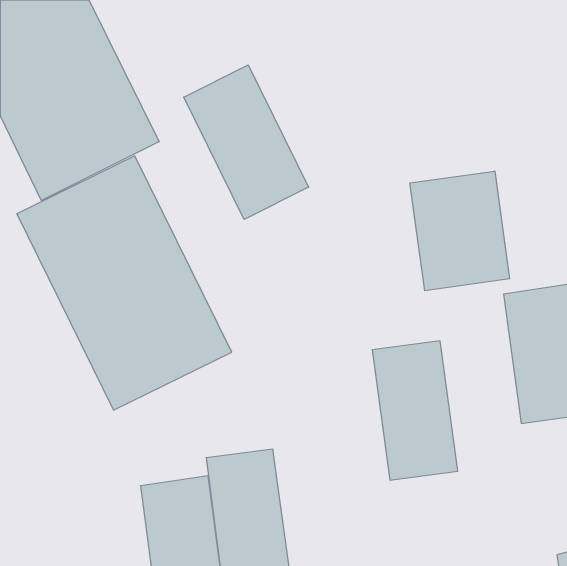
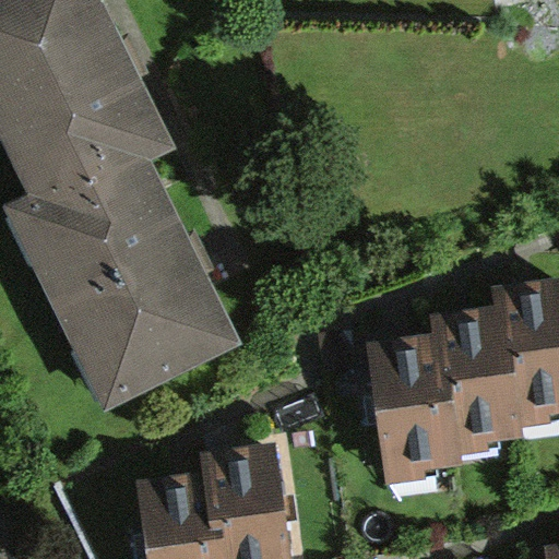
building: [184,65,309,219] -> none
building: [410,171,510,291] -> none
building: none -> [431,311,515,448]

